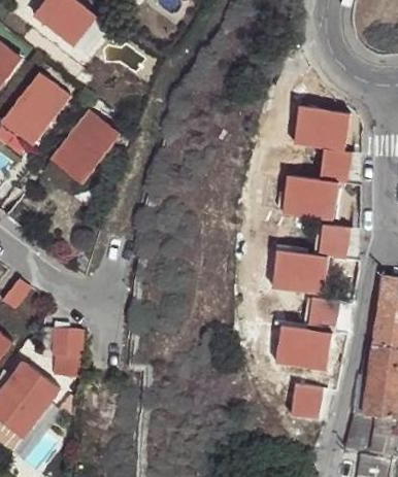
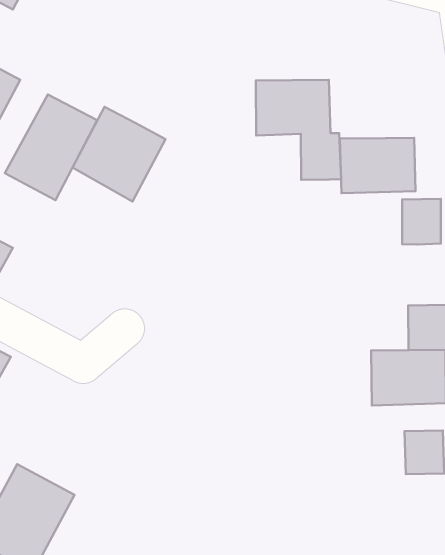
building: [292,105,350,183] -> [256,80,341,180]
building: none -> [73,107,166,202]
building: [270,248,327,294] -> none
building: [52,327,84,356] -> none

